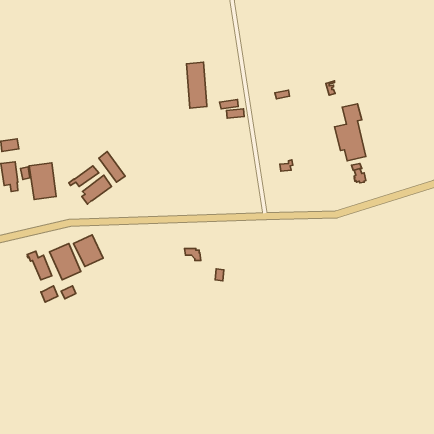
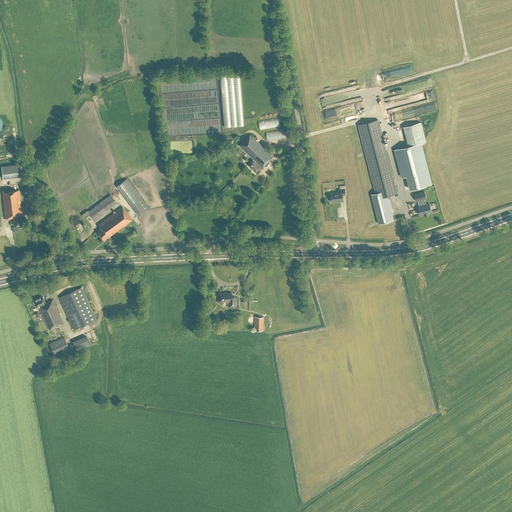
building: none -> [357,120,395,224]
building: none -> [238,135,272,173]
building: [29,163,56,199] -> none
building: [73,235,103,267] -> none

